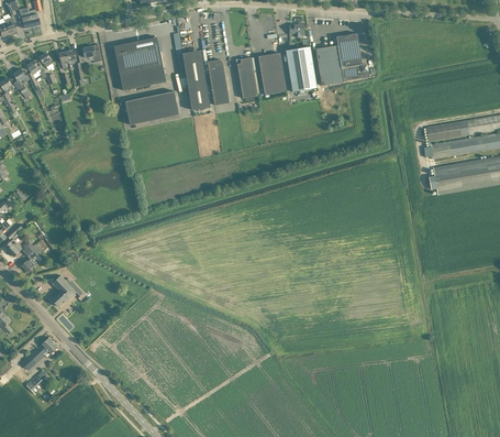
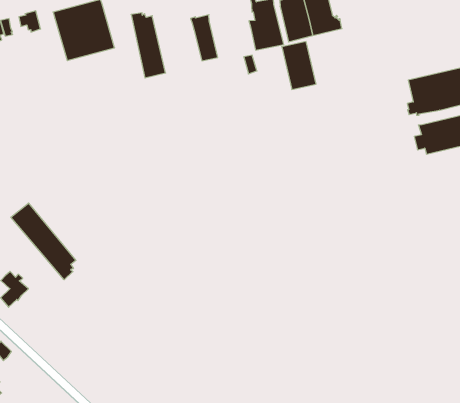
building: [257,52,286,94] -> [282,42,316,89]
building: [207,58,230,103] -> none
building: [125,90,179,123] -> none
building: none -> [11,203,76,280]

